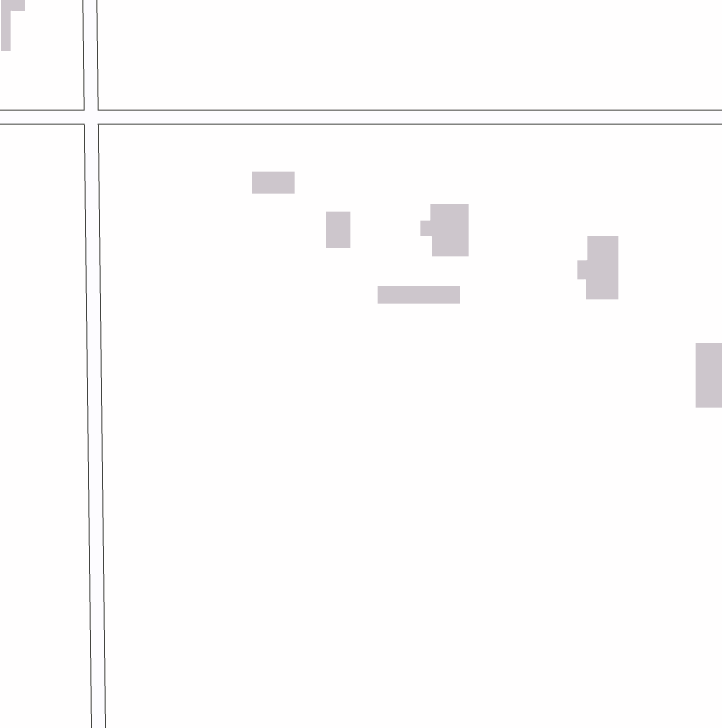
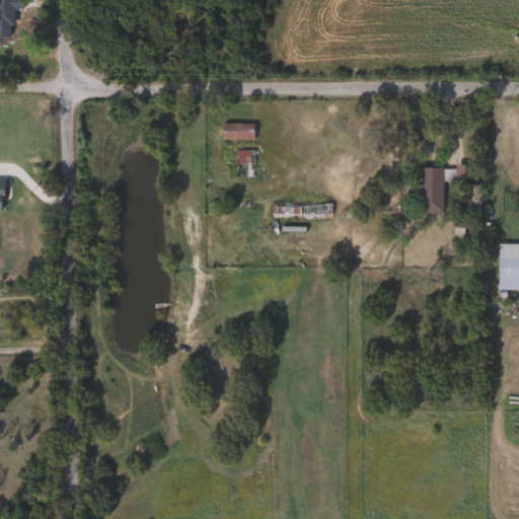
building: [251,171,296,194] -> [223,123,254,139]
building: [420,203,469,257] -> none

